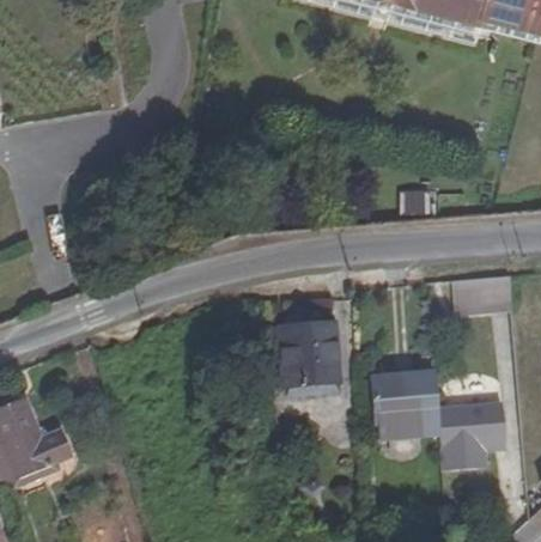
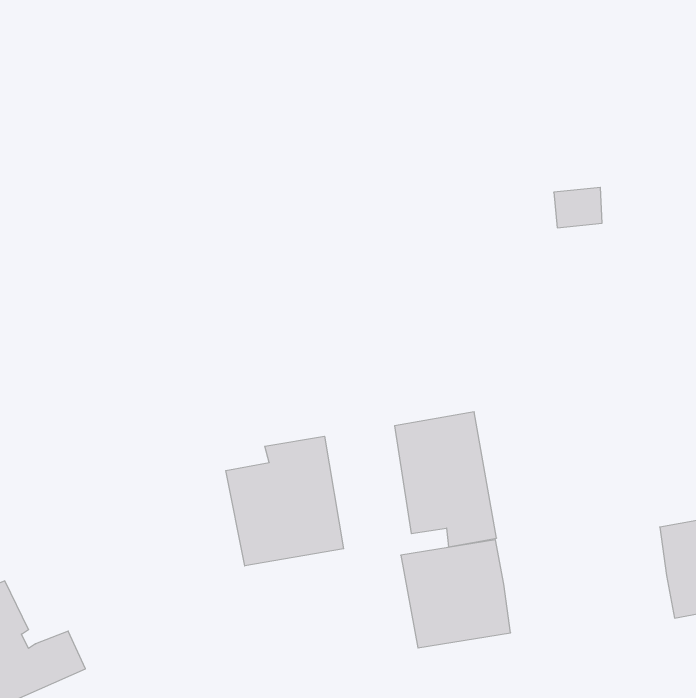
building: none -> [226,436,344,566]
building: [381,380,445,444] -> [401,540,511,648]

